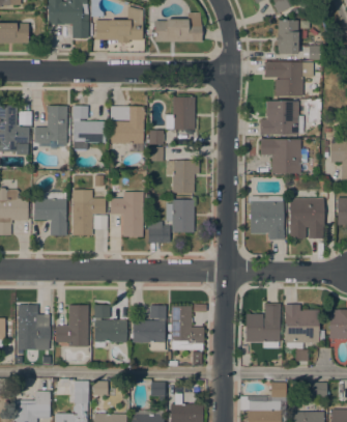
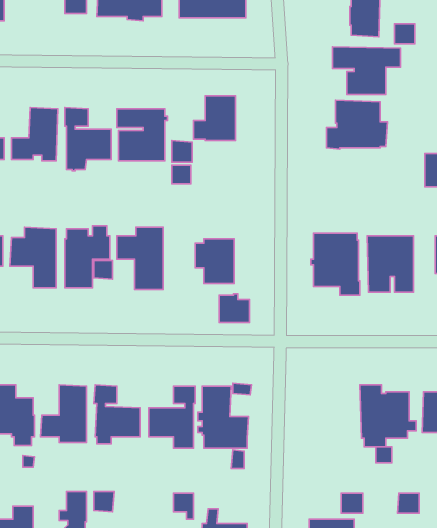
building: [260,138,307,173] -> none
building: [167,160,199,192] -> none
building: [148,221,170,242] -> [219,294,249,323]
building: [245,303,280,347] -> none

